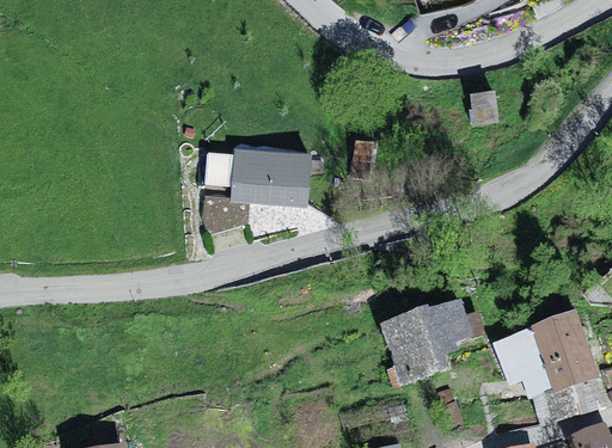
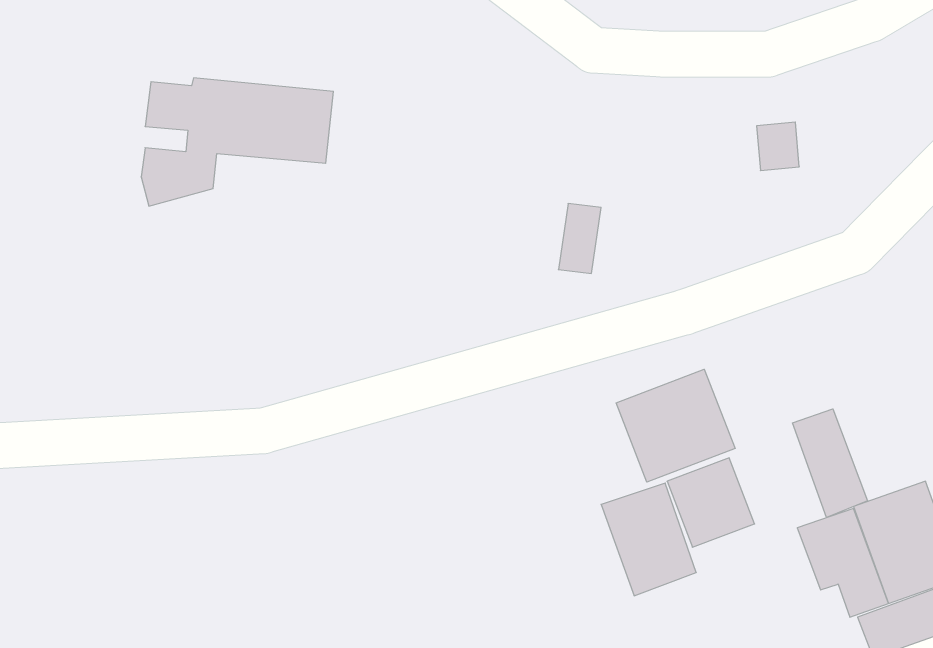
building: [203,148,322,227] -> [141,78,333,206]
building: none -> [616,369,735,482]
building: none -> [792,409,867,517]

